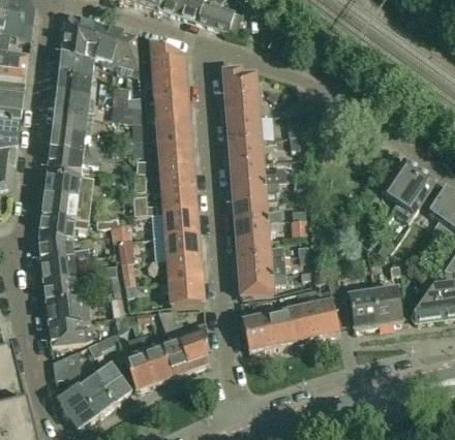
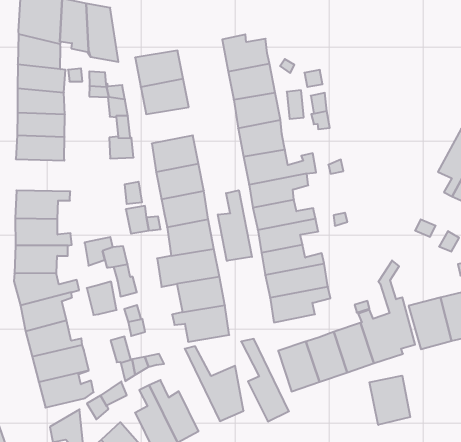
building: [149,39,185,75] -> none
building: [155,119,190,145] -> none
building: [47,146,97,168] -> none
building: none -> [218,190,252,261]
building: [156,309,188,375] -> [241,339,289,421]
building: none -> [369,376,410,425]

